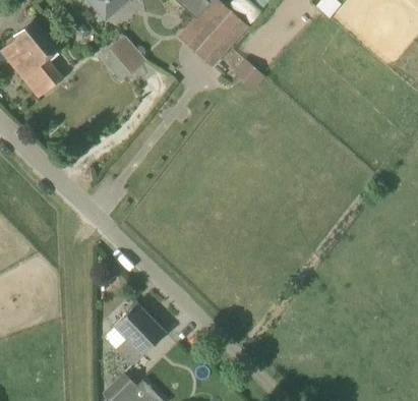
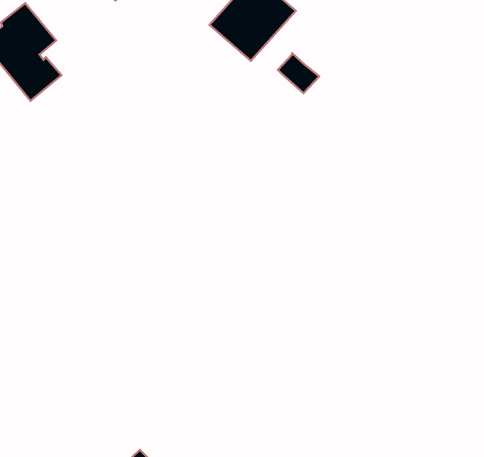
building: [112,39,145,74] -> none
building: [113,303,166,366] -> none

